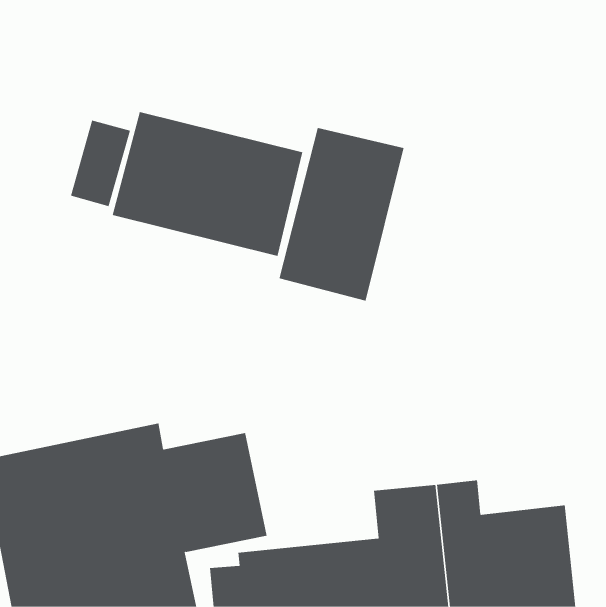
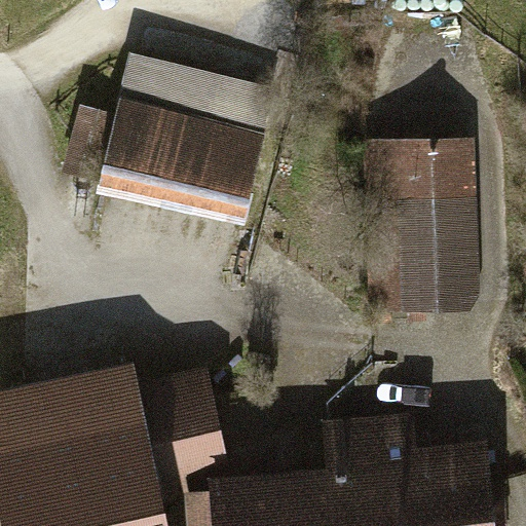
building: none -> [120,52,273,132]
building: [279,127,404,302] -> none
building: none -> [362,138,480,310]

